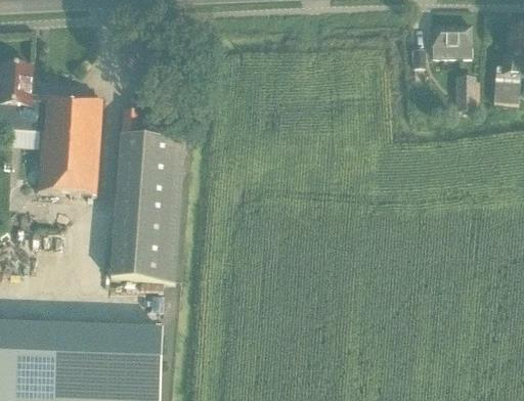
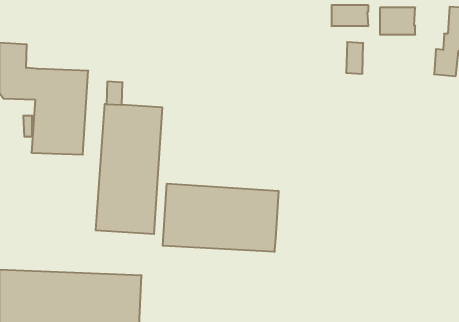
building: none -> [332,5,368,26]
building: [456,77,476,113] -> [346,42,363,74]
building: none -> [163,184,278,252]

